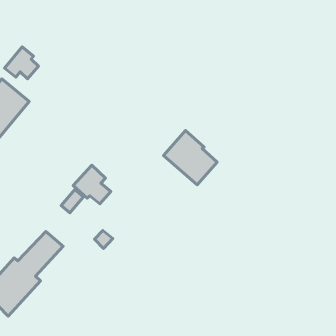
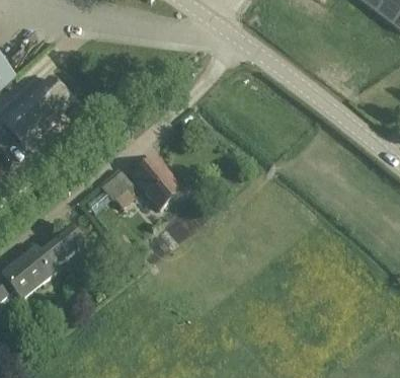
building: [5,47,38,79] -> none
building: [163,130,217,185] -> [133,155,182,208]

